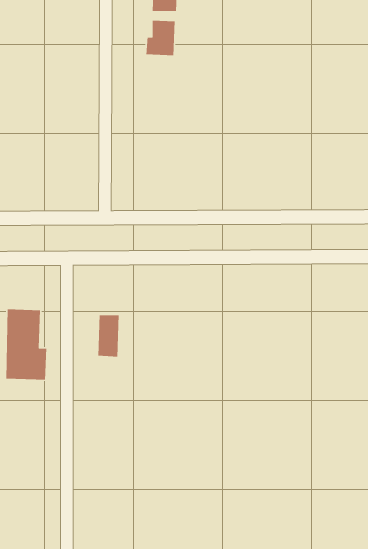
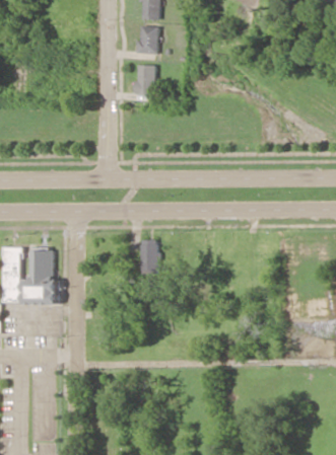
building: none -> [133,64,152,94]
building: [97,314,120,358] -> [139,239,156,273]

